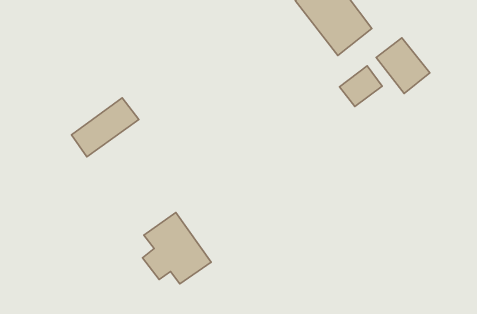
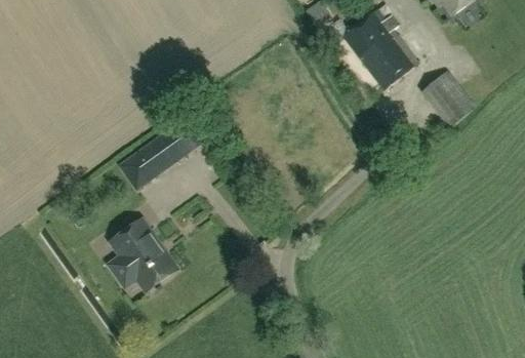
building: [340,66,382,106] -> none
building: [143,212,211,284] -> [109,218,176,289]

